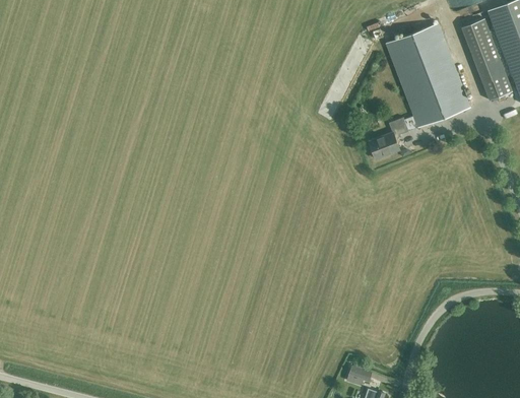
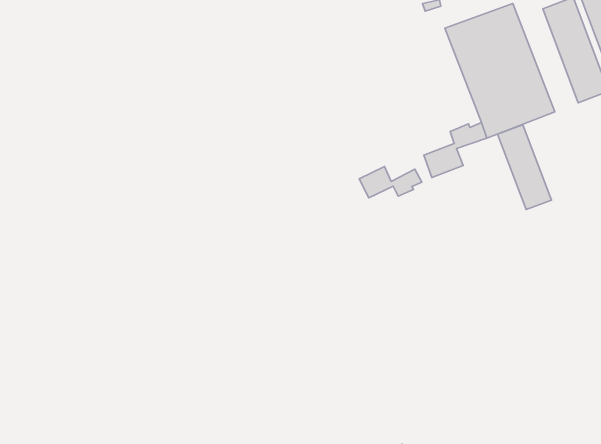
building: none -> [497,125,551,209]
building: none -> [359,166,422,198]

